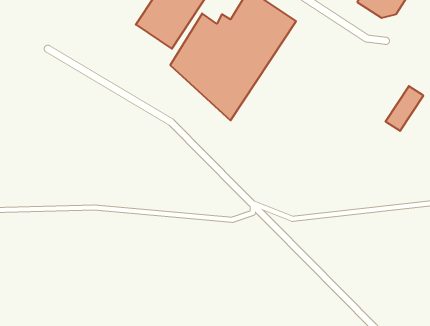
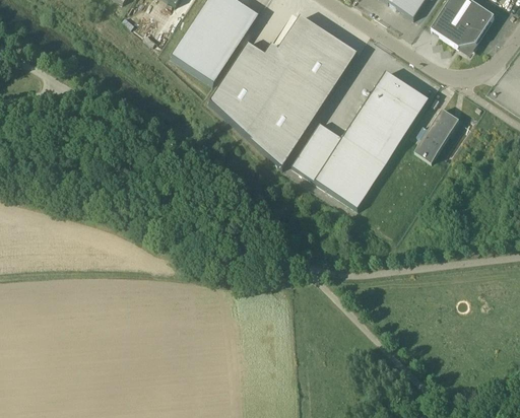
building: none -> [291,71,430,208]
building: [385,86,423,131] -> [414,108,459,160]

